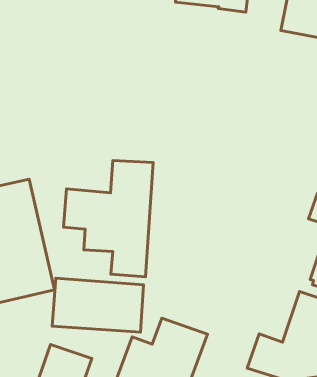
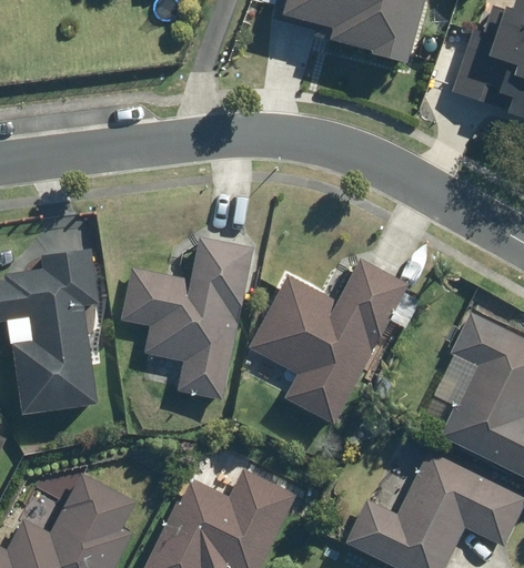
building: none -> [251,258,411,424]
building: [52,278,144,332] -> none

